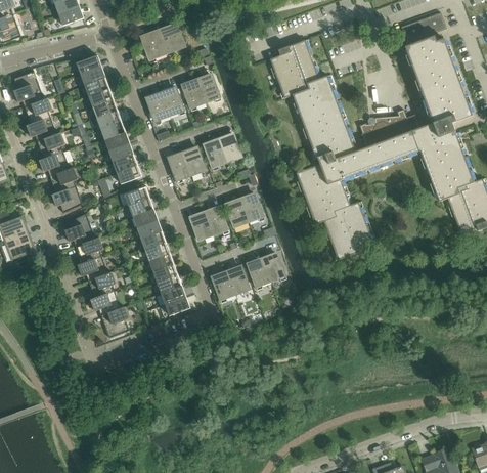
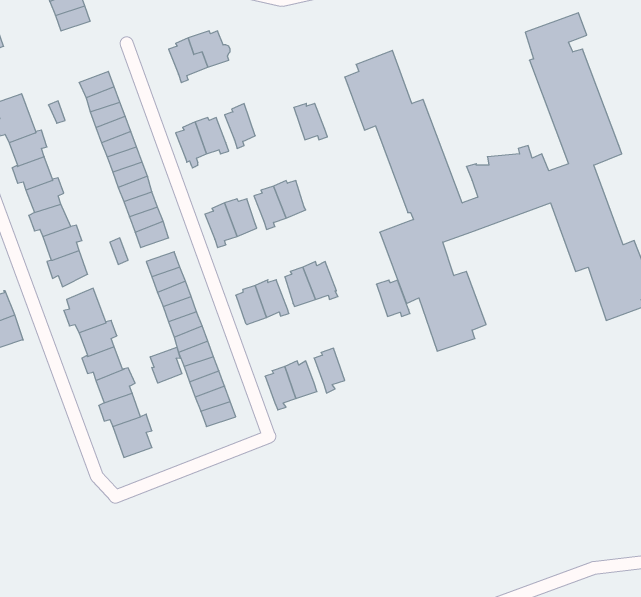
building: [195,76,220,102] -> [294,103,327,140]
building: [261,255,285,282] -> [376,280,410,316]
building: none -> [150,347,182,383]

